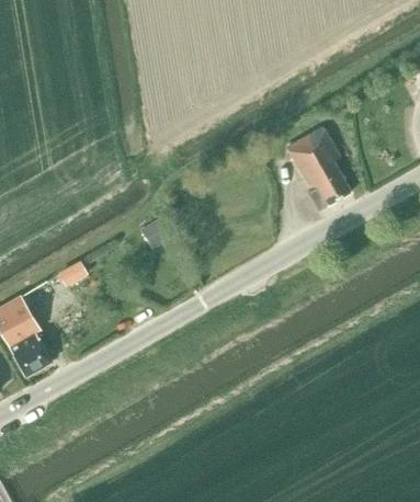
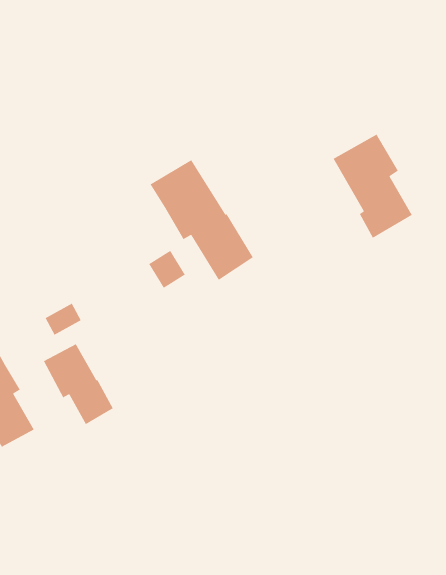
building: none -> [150,159,254,281]
building: none -> [43,343,114,425]

